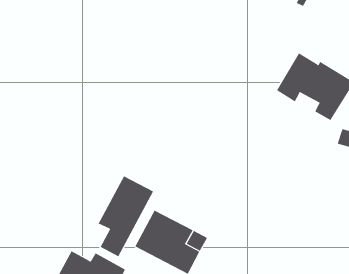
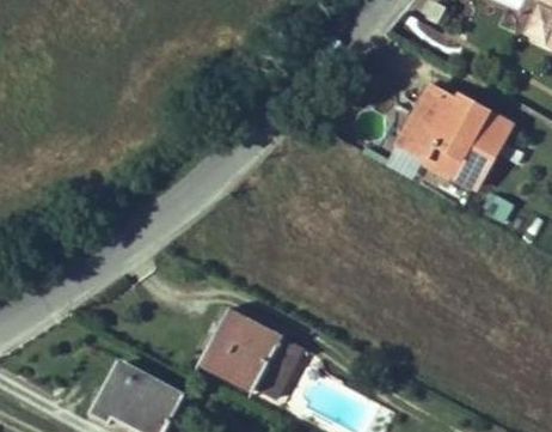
building: [98,176,154,257] -> none

